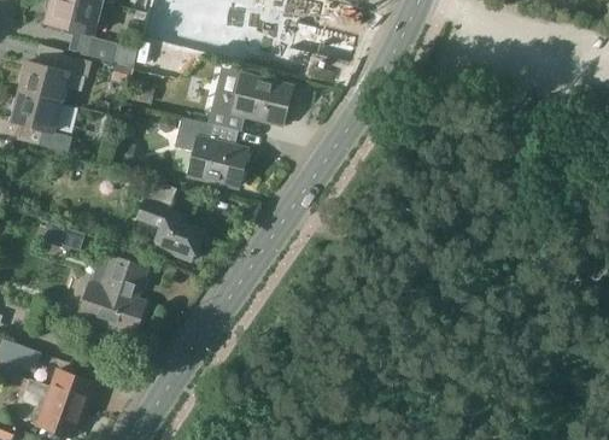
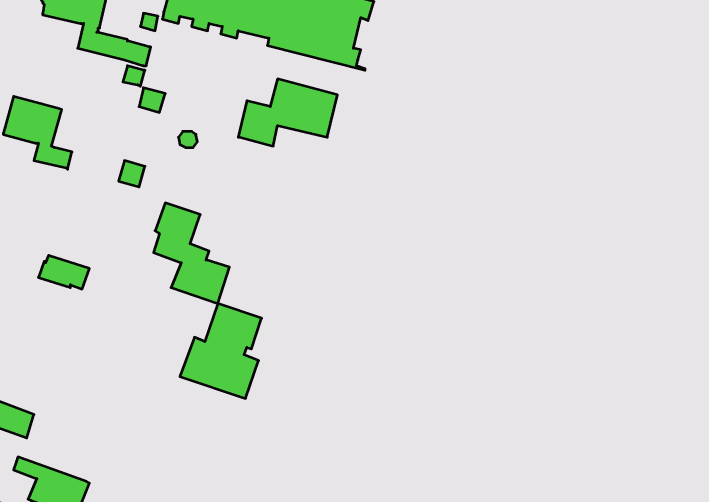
building: [23,53,92,100] -> none
building: [174,116,246,186] -> none
building: [78,256,146,334] -> [180,304,262,398]
building: [27,366,95,409] -> none

